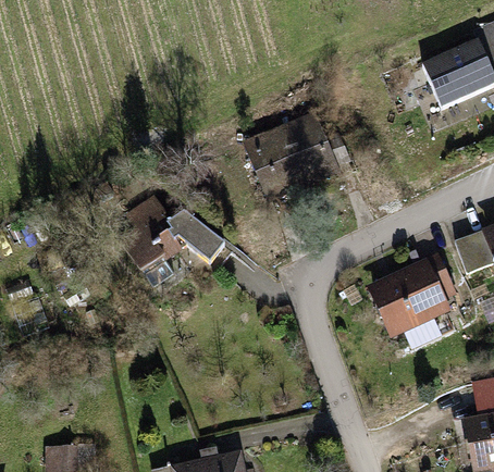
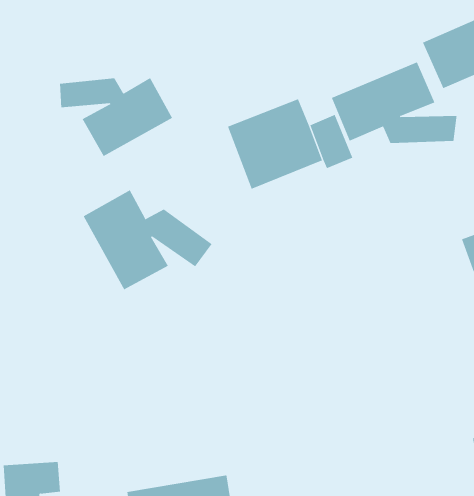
building: none -> [331,62,457,144]
building: none -> [60,77,173,157]
building: [370,253,456,333] -> none

